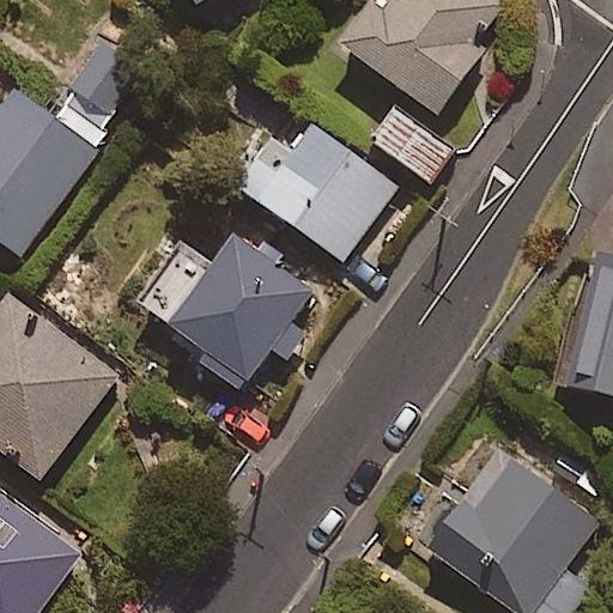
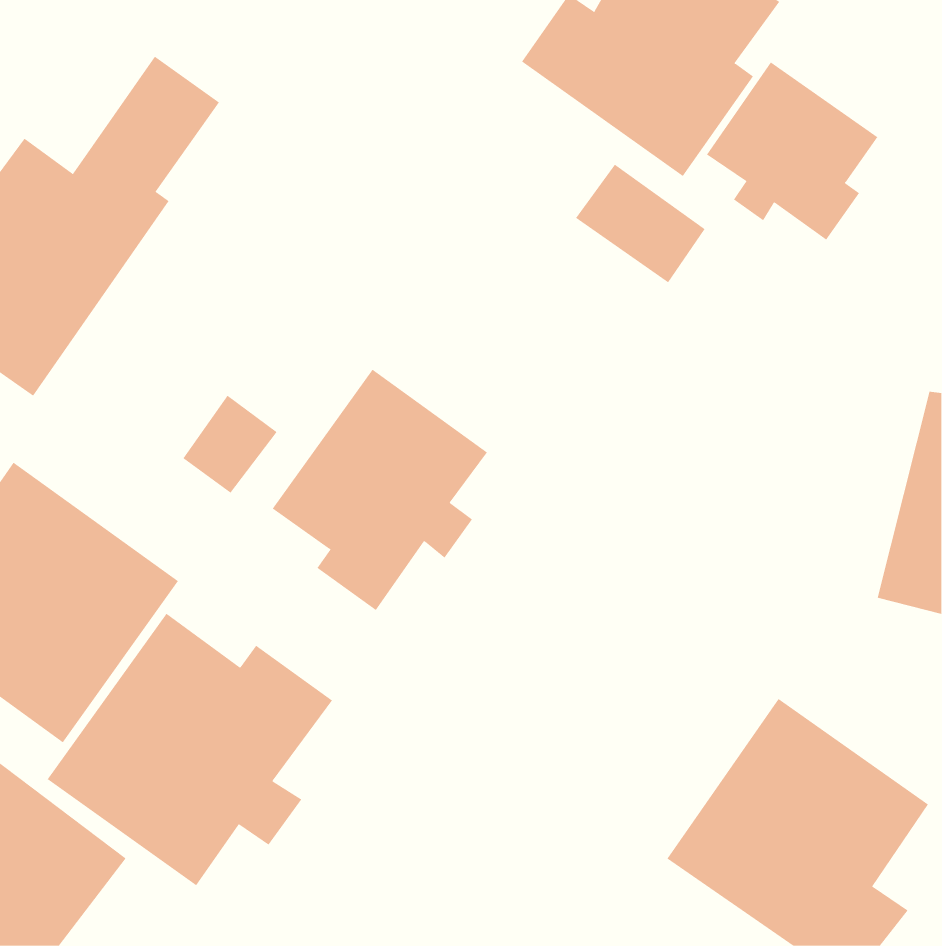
building: none -> [706,62,878,241]
building: [242,123,395,260] -> none
building: none -> [47,613,333,886]

